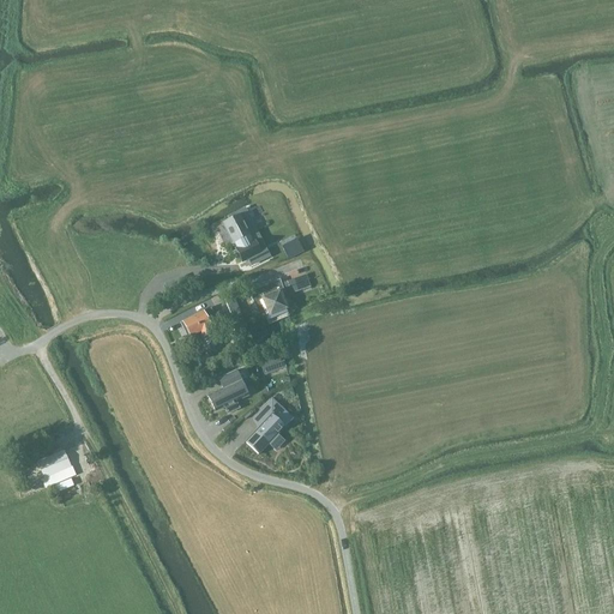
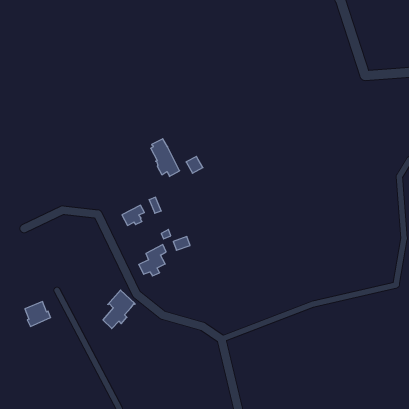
building: [252,277,302,315] -> none
building: [246,397,294,455] -> [103,290,135,329]

